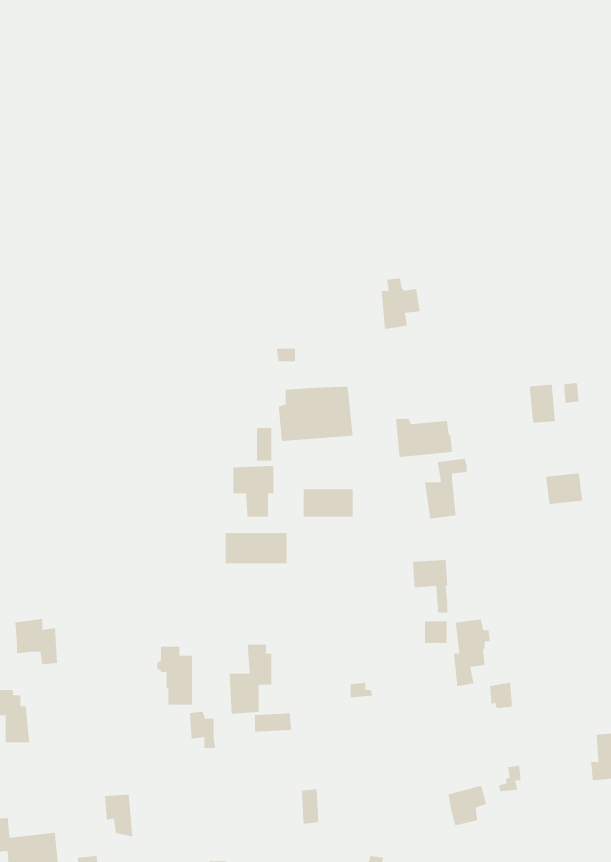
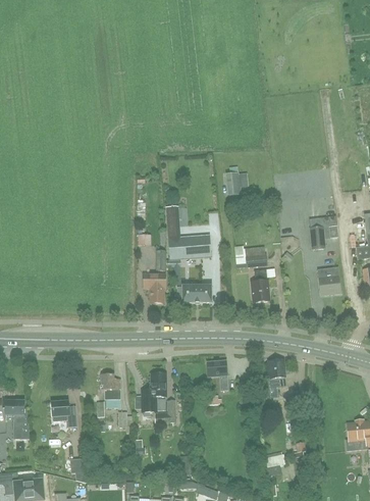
building: [225,532,287,564] -> none
building: [412,559,448,613] -> [207,359,227,390]
building: [14,618,58,665] -> [52,400,76,427]

